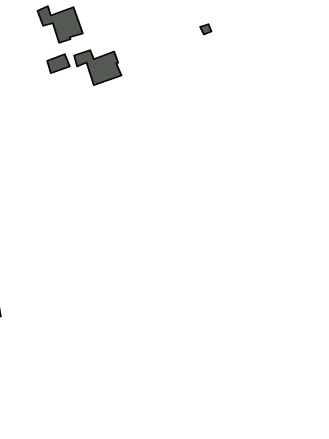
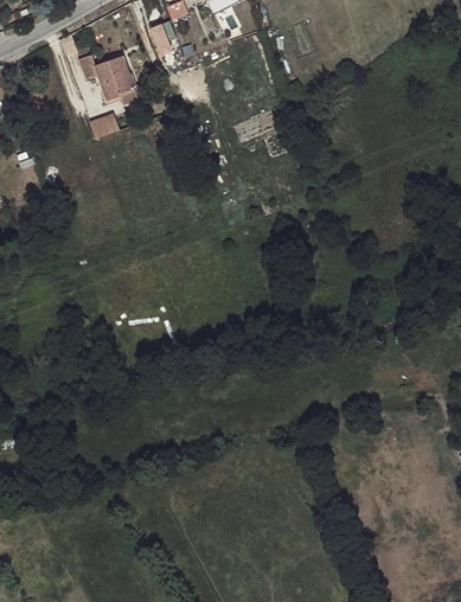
building: [74,50,121,85] -> none

